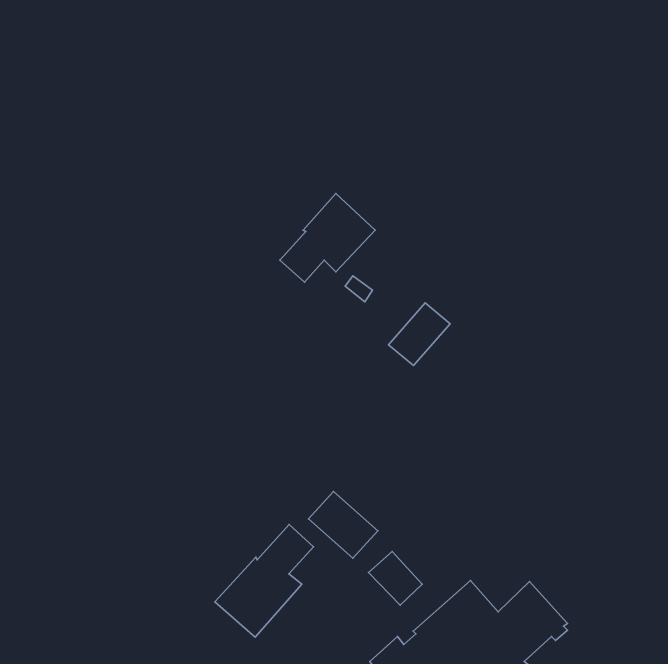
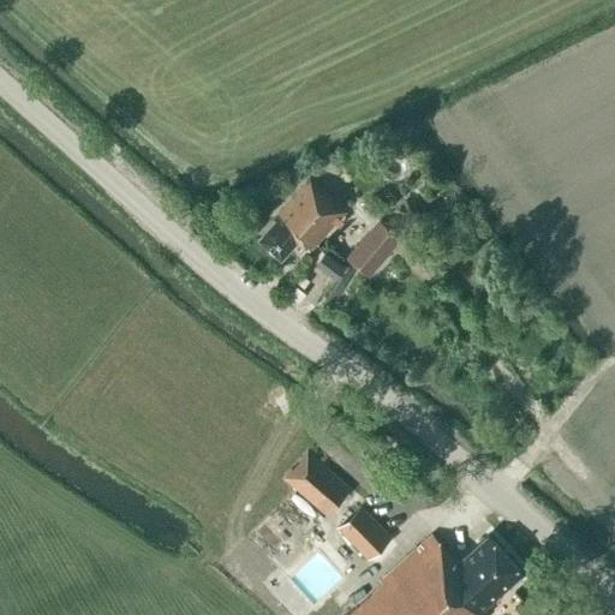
building: [389,303,450,366] -> [345,222,401,280]
building: [215,524,314,637] -> none

